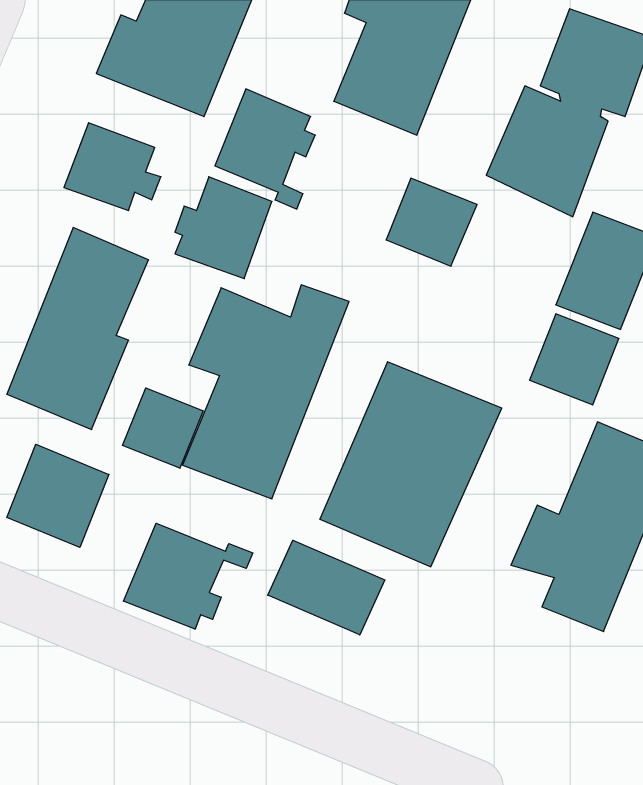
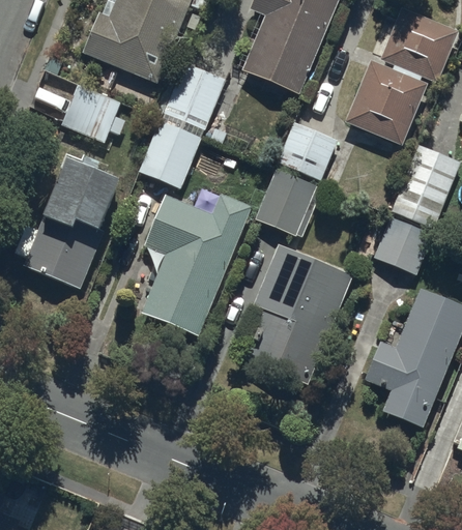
building: none -> [255,165,324,236]
building: [123,388,203,468] -> none
building: [7,444,109,547] -> none
building: [123,523,253,629] -> none
building: [268,540,385,635] -> none

